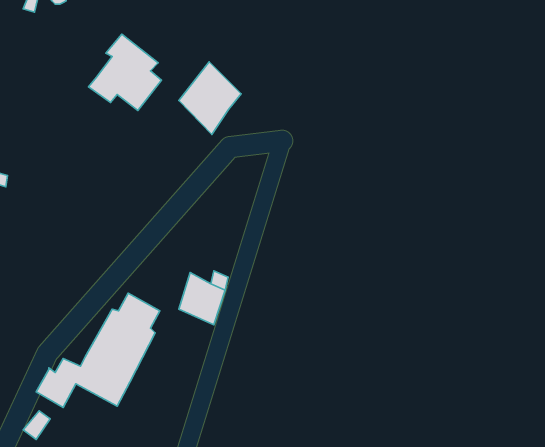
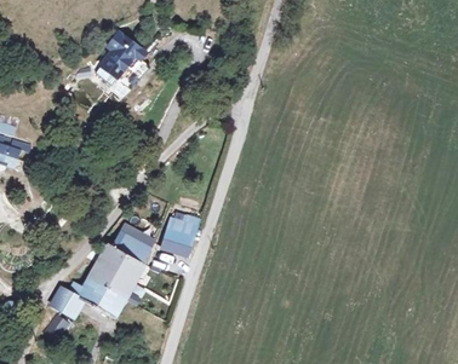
building: [179,62,241,134] -> none

